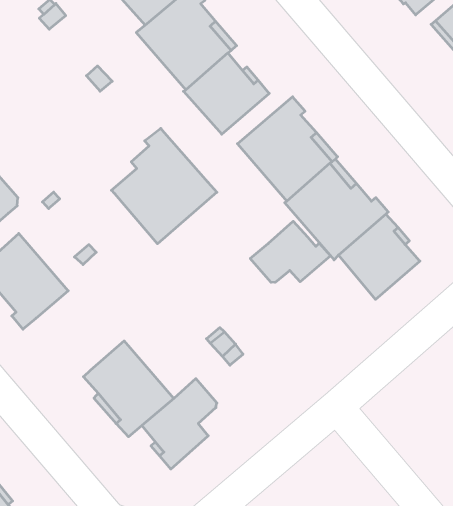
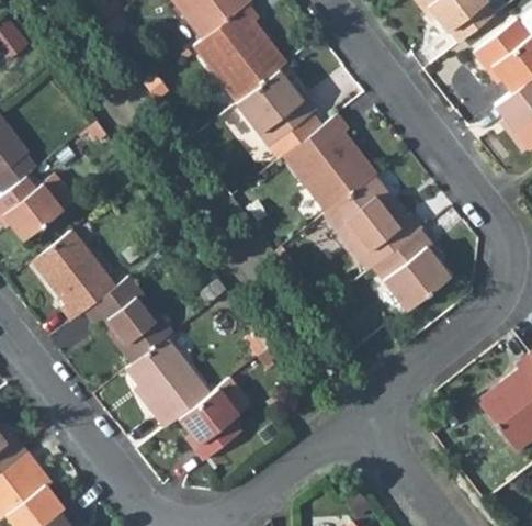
building: [111,128,217,244] -> none
building: [250,221,331,282] -> none
building: none -> [83,277,171,363]

